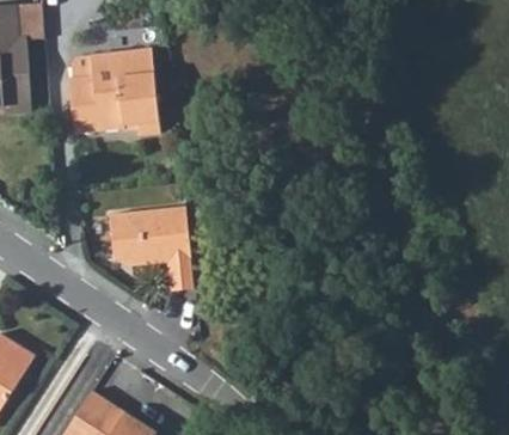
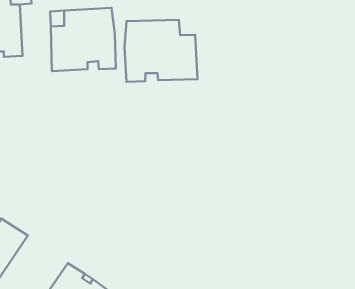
building: none -> [125,20,198,82]
building: [109,209,195,296] -> none

